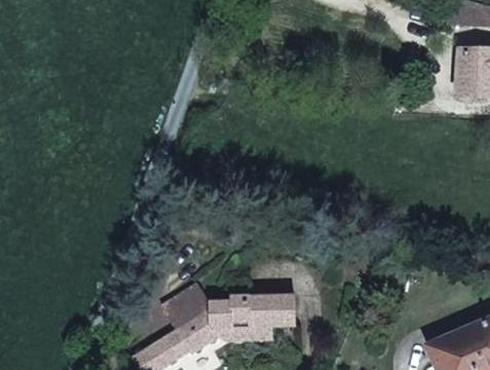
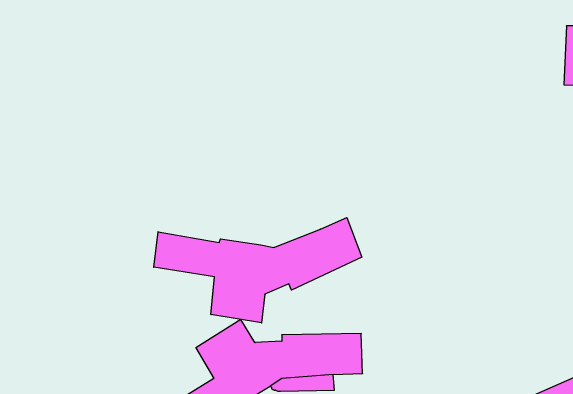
building: none -> [154,218,362,323]

